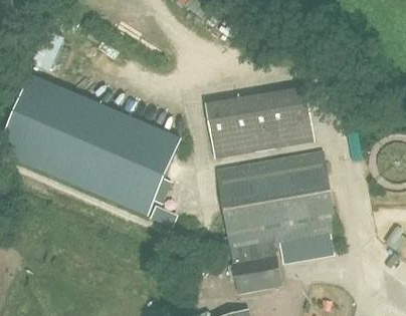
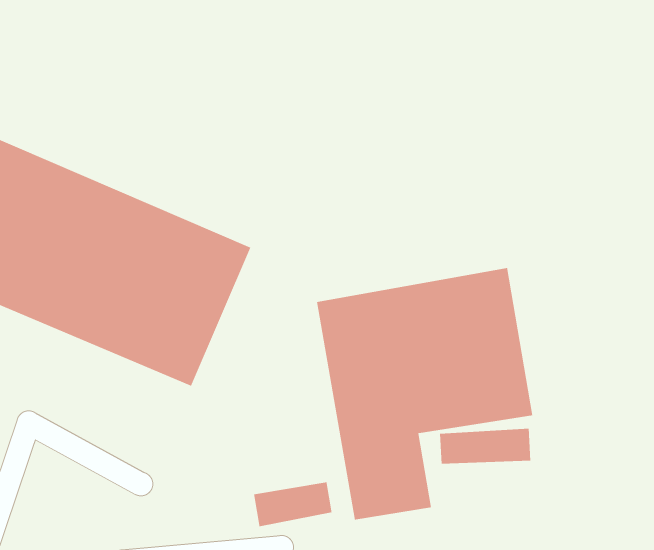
building: [204,86,314,156] -> none
building: none -> [253,482,332,527]

